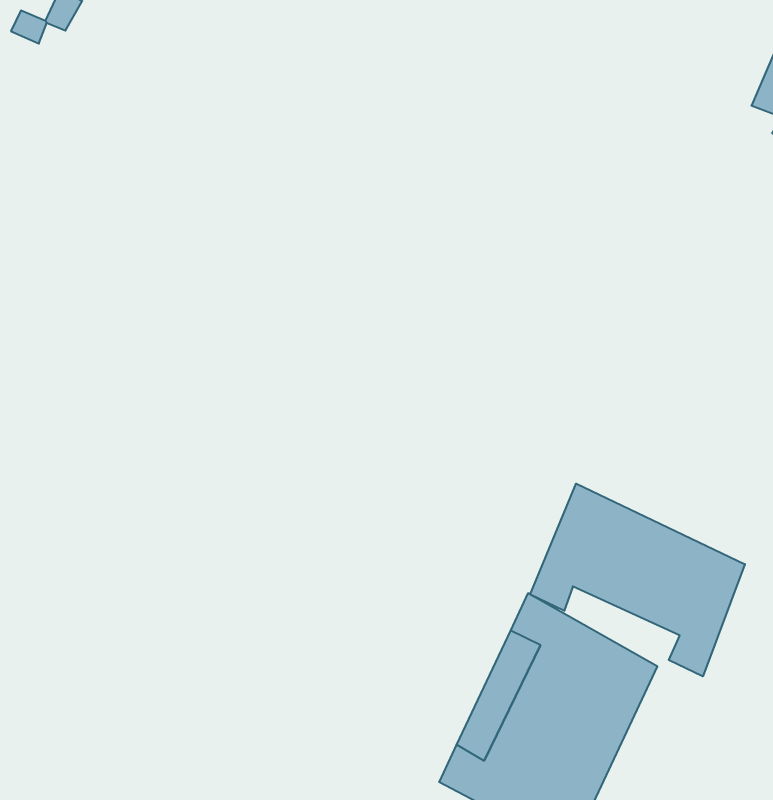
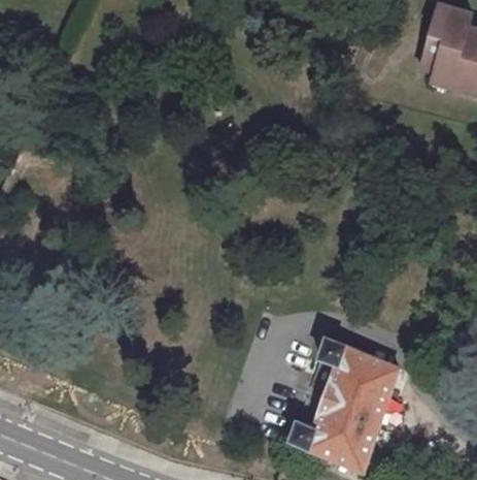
building: [530,484,745,676] -> none

